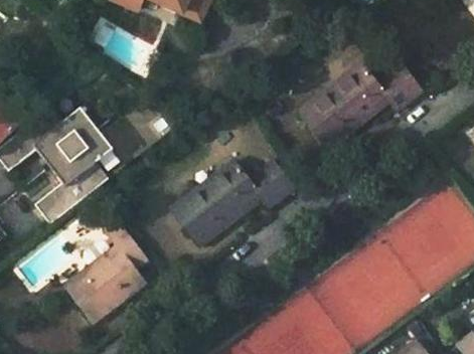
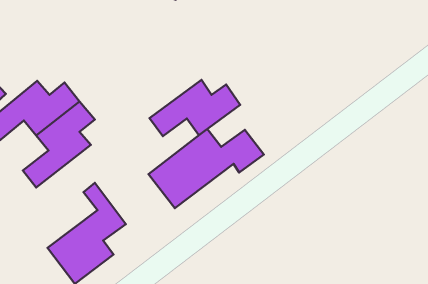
building: [299,62,421,147] -> none
building: none -> [149,80,240,136]

